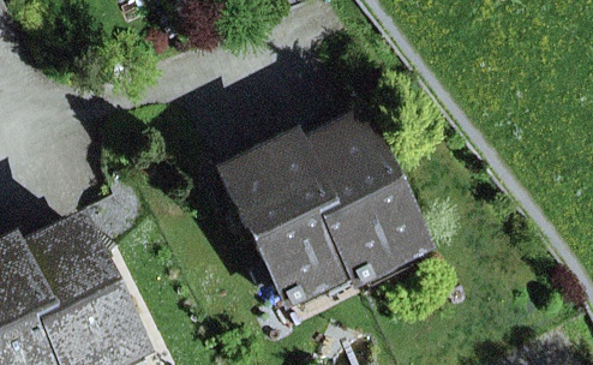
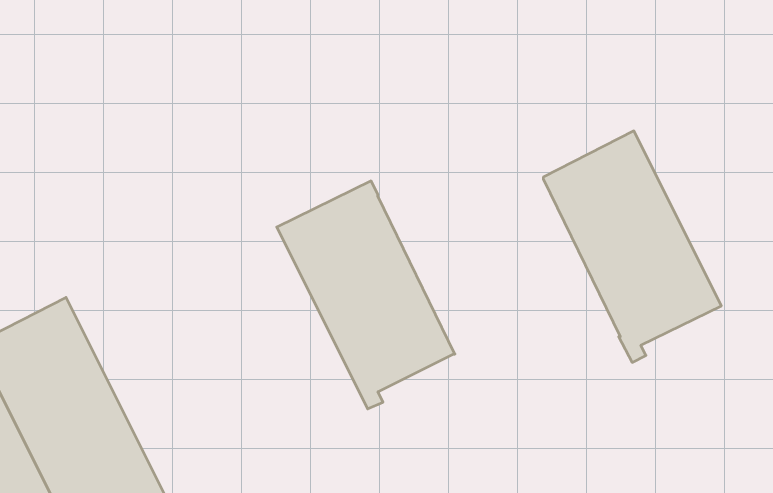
building: [303,120,427,282] -> [543,131,721,362]

